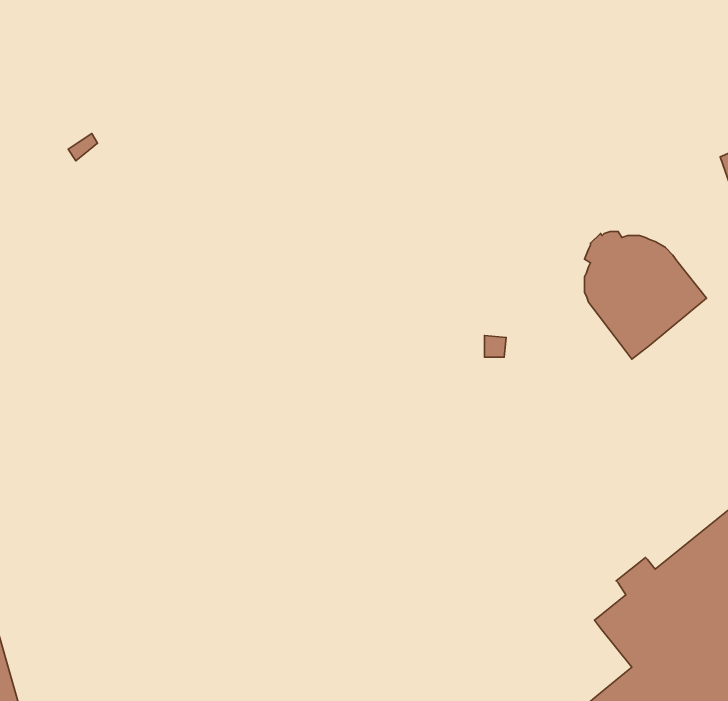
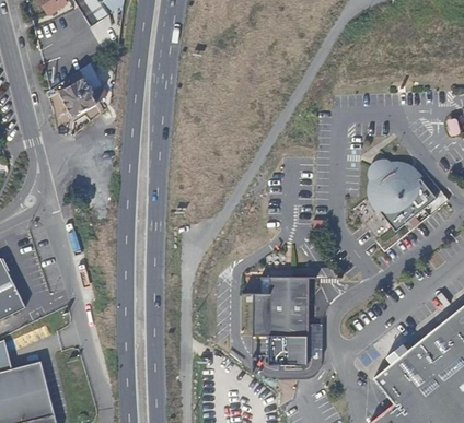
building: none -> [54,77,101,114]
building: none -> [242,277,316,365]

